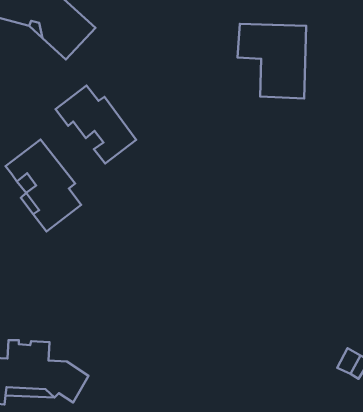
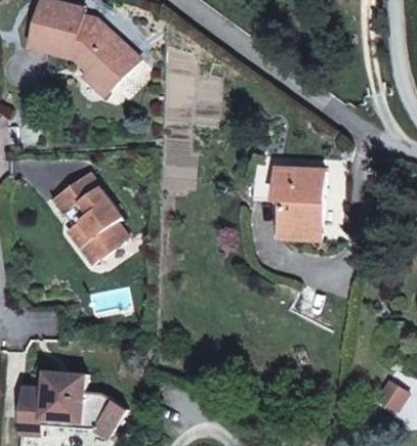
building: [238,24,306,99] -> [256,166,325,240]
building: [55,85,136,164] -> none

